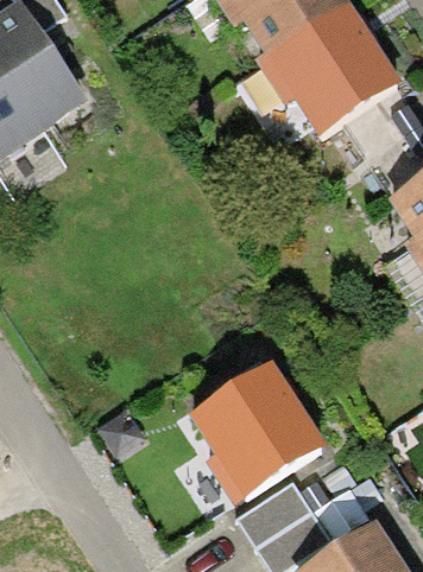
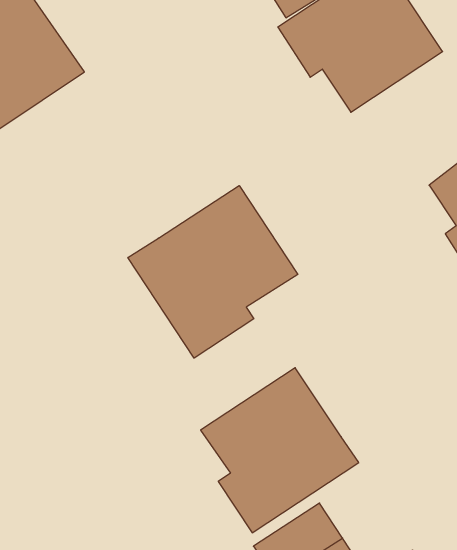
building: none -> [128,186,298,358]

